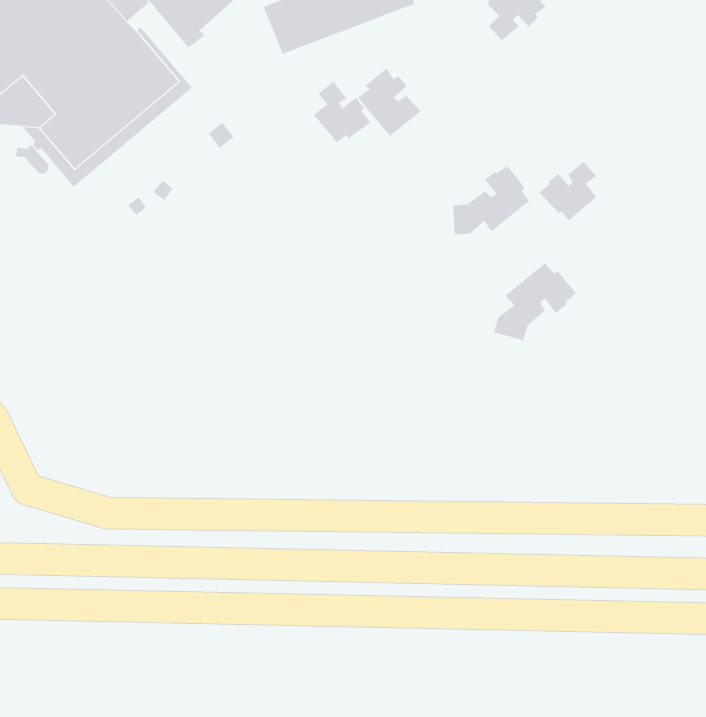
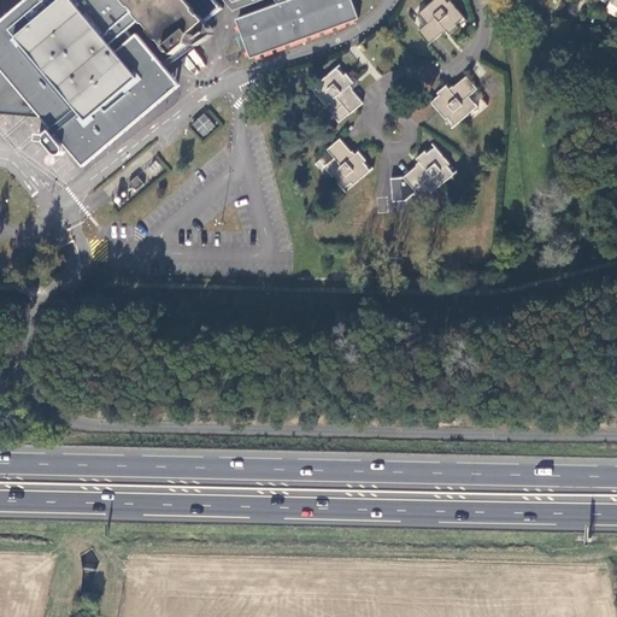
building: [313,80,371,143] -> [323,137,370,188]
building: [539,161,597,221] -> [430,75,477,123]
building: [493,263,576,341] -> none

